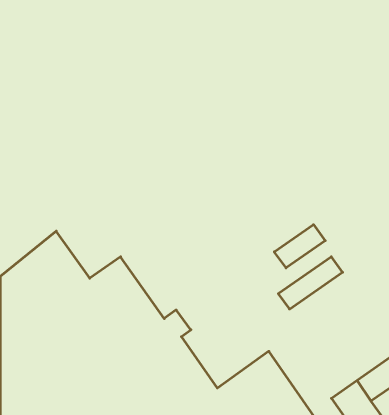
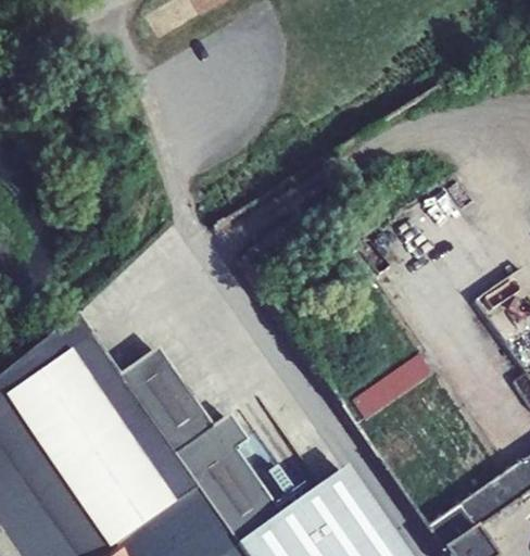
building: [274,225,325,268] -> none

